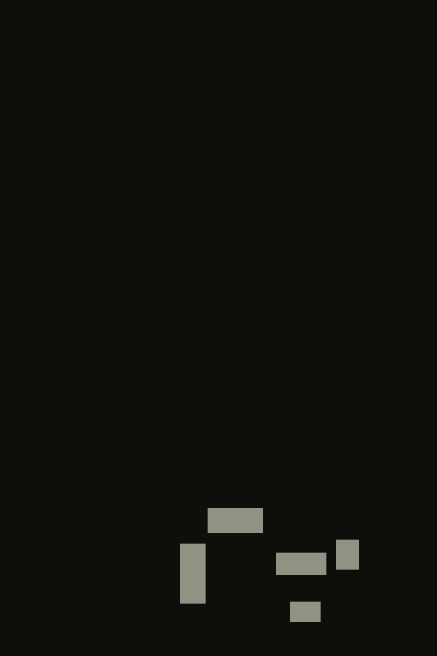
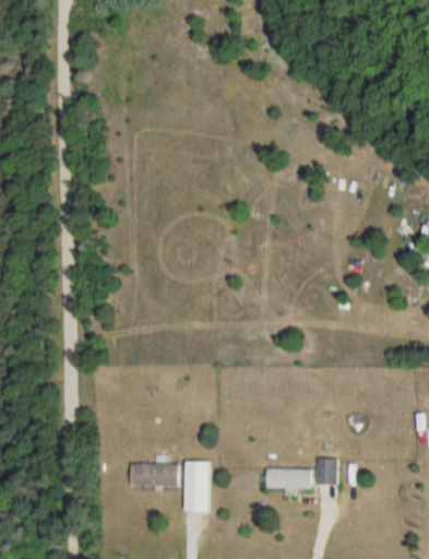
building: [207,507,264,533] -> [129,464,177,486]
building: [290,601,321,623] -> none

